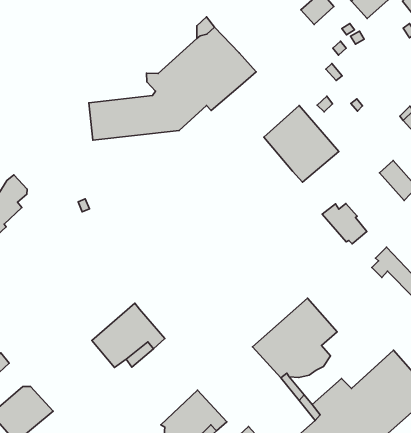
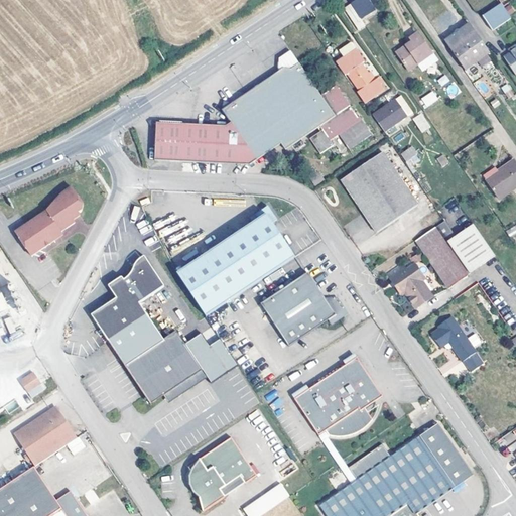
building: none -> [334,42,379,103]
building: none -> [309,81,373,151]
building: none -> [370,96,410,133]
building: none -> [415,221,475,286]
building: none -> [176,204,291,314]
building: none -> [262,272,351,348]
building: none -> [91,254,178,370]
building: none -> [182,333,240,387]

